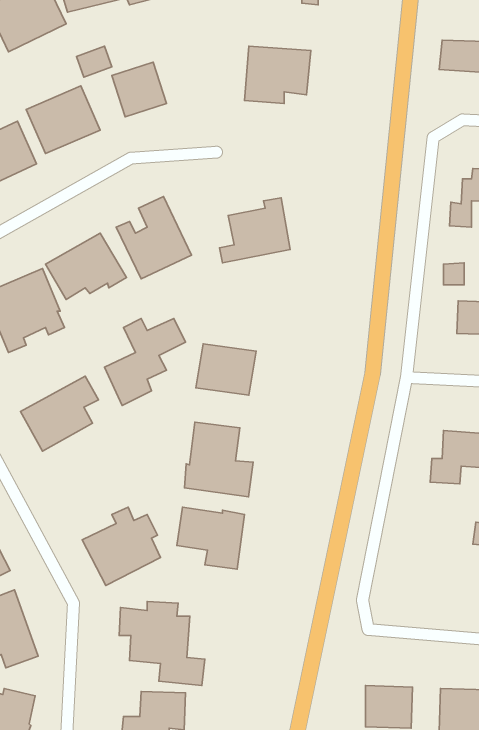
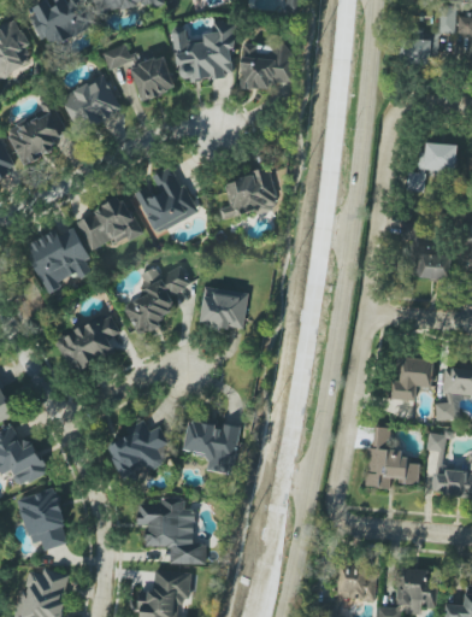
building: none -> [171,22,236,81]
building: [185,422,253,497] -> none
building: none -> [366,427,419,489]

